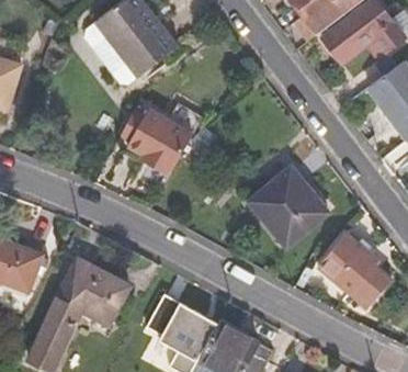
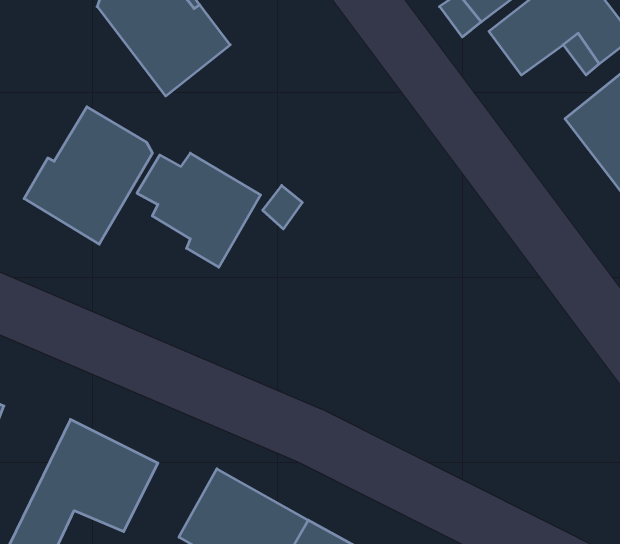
building: none -> [24,107,152,244]
building: [251,168,329,247] -> none
building: [318,235,390,311] -> none

